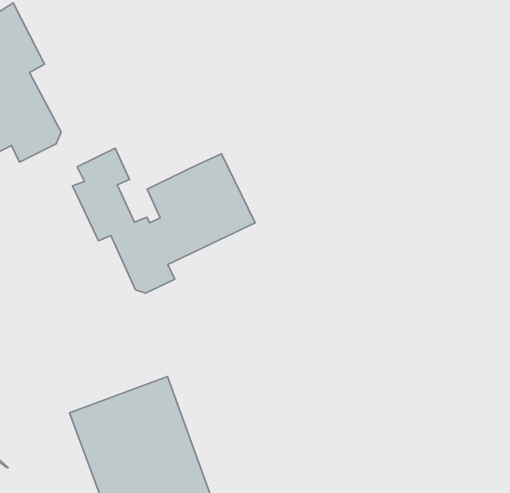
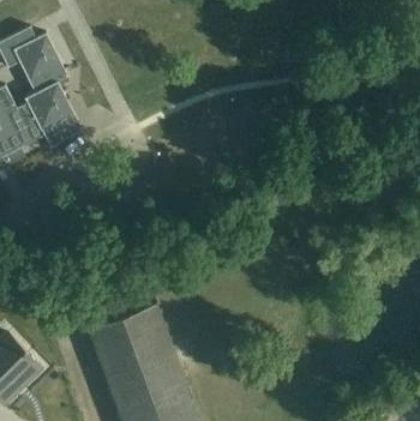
building: [73,148,255,293] -> none

